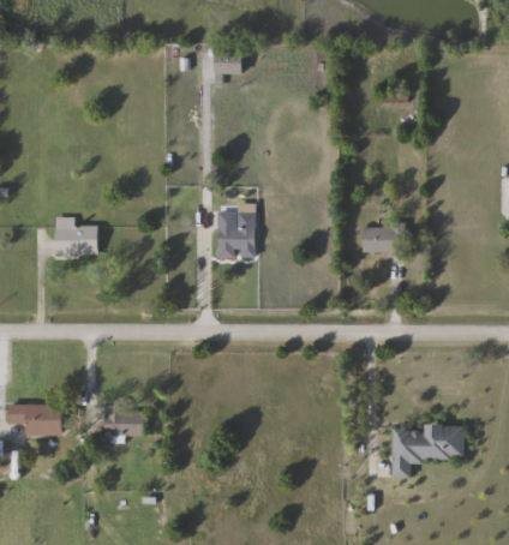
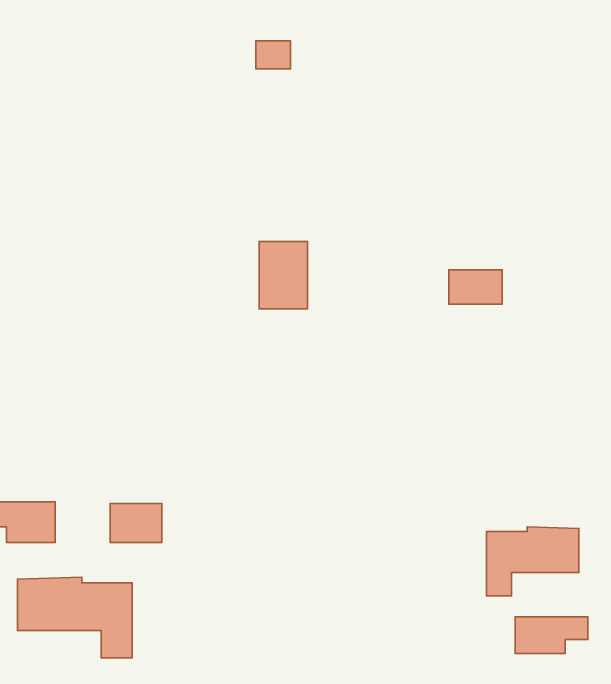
building: [54,217,96,256] -> none
building: none -> [18,577,132,658]
building: none -> [515,617,588,653]

